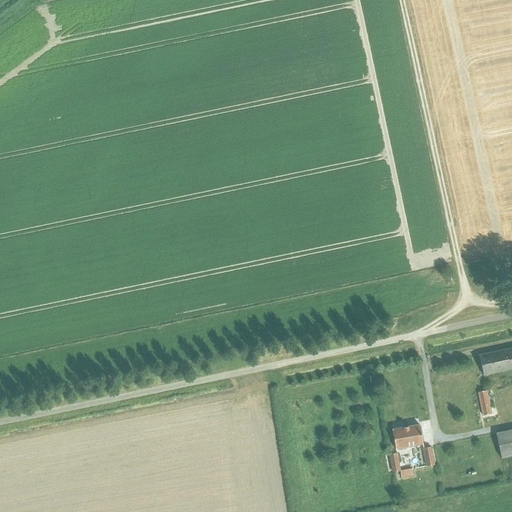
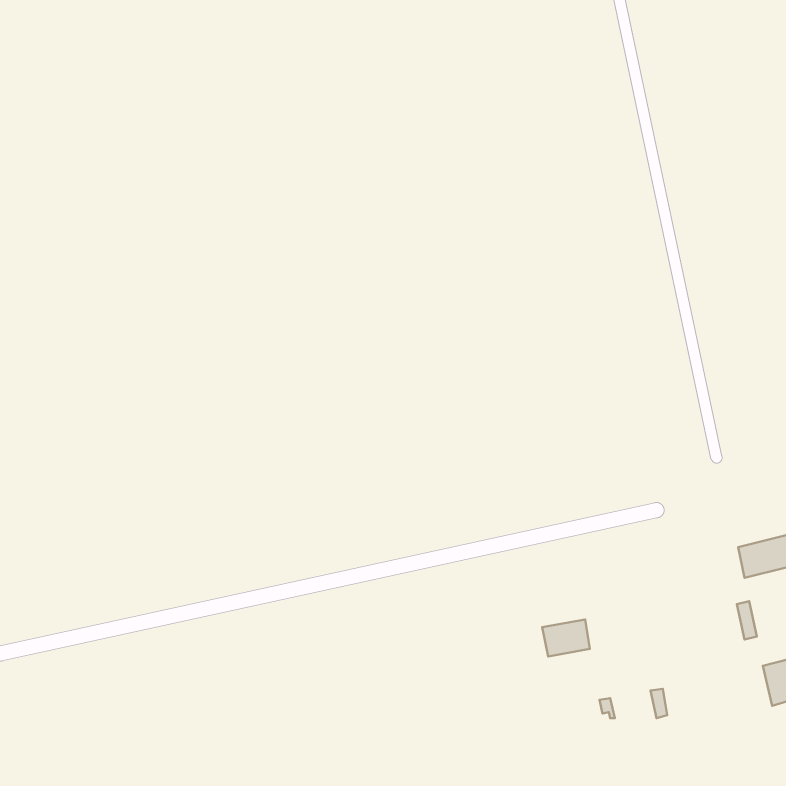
building: [392,424,423,448] -> [542,620,590,657]

